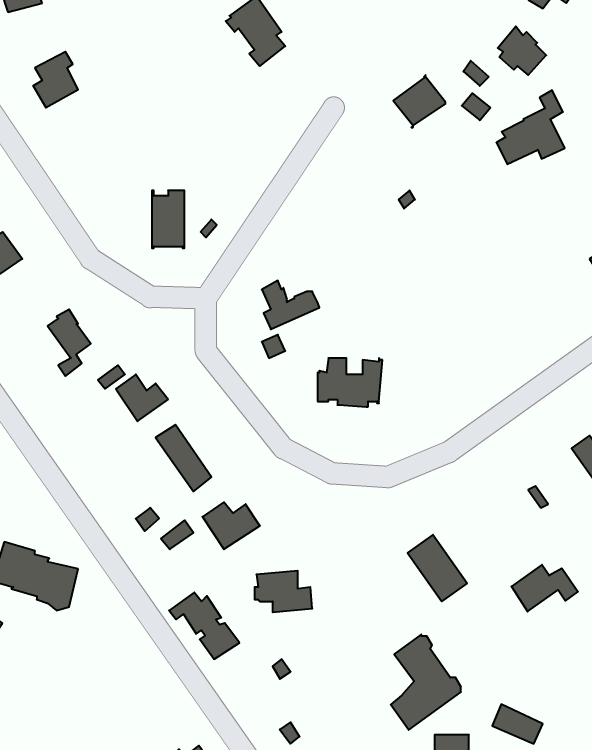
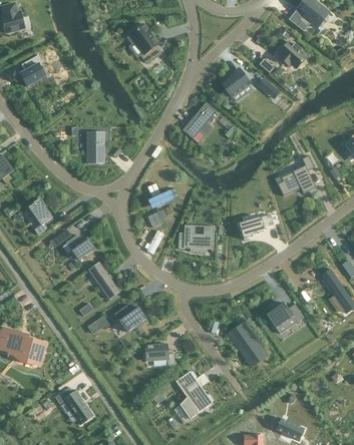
building: [496,90,565,164] -> [277,154,315,195]
building: none -> [182,101,215,142]
building: none -> [238,213,272,239]
building: [511,565,578,612] -> [266,302,303,328]
building: [169,592,239,659] -> [54,387,93,424]
building: [391,634,461,730] -> [172,370,212,423]

